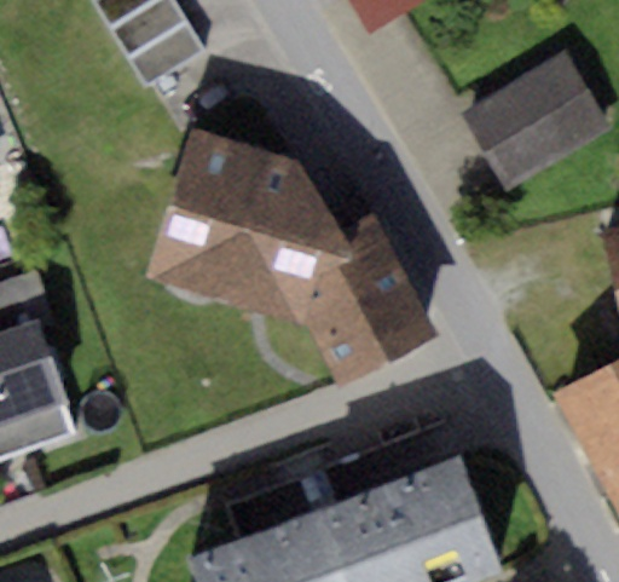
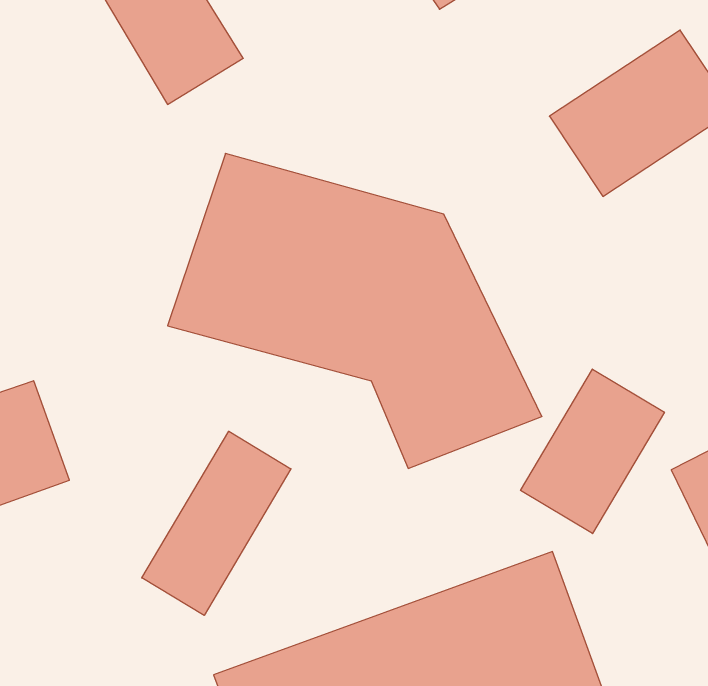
building: none -> [521,369,664,534]
building: none -> [142,431,291,615]

